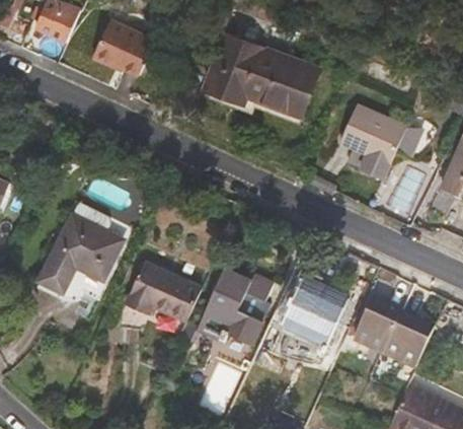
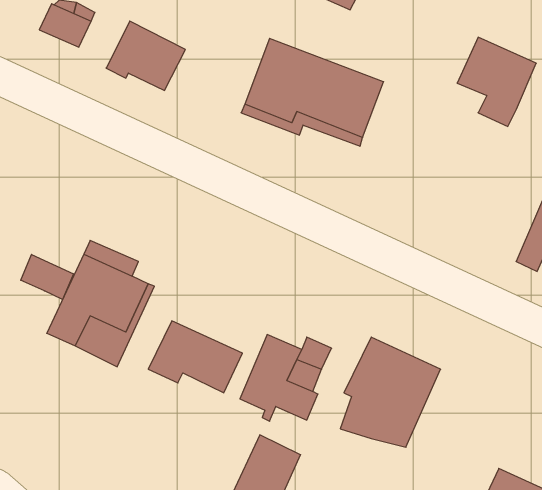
building: [341,102,406,175] -> [457,37,536,126]
building: none -> [21,254,73,300]
building: [356,295,433,364] -> none

